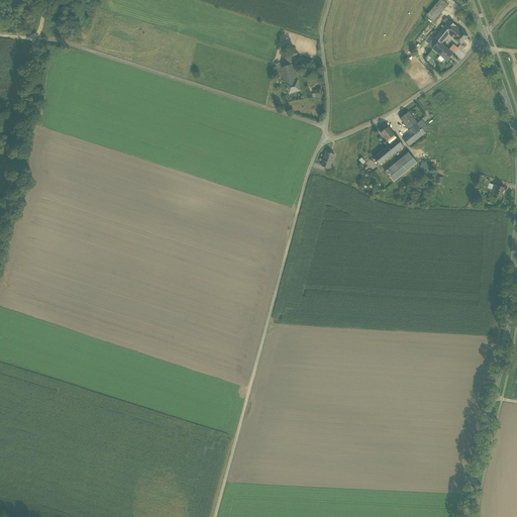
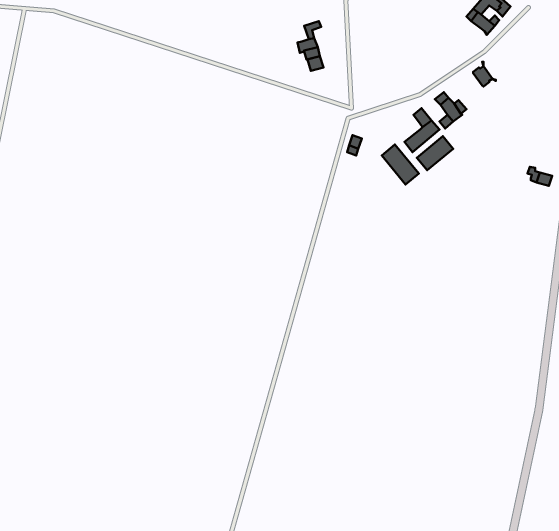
building: none -> [382,145,419,185]

